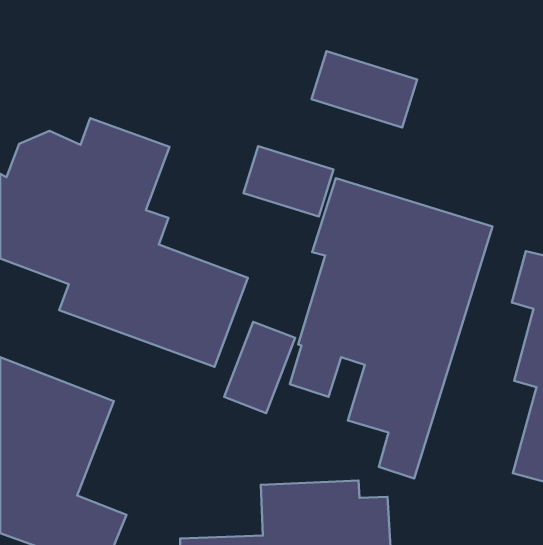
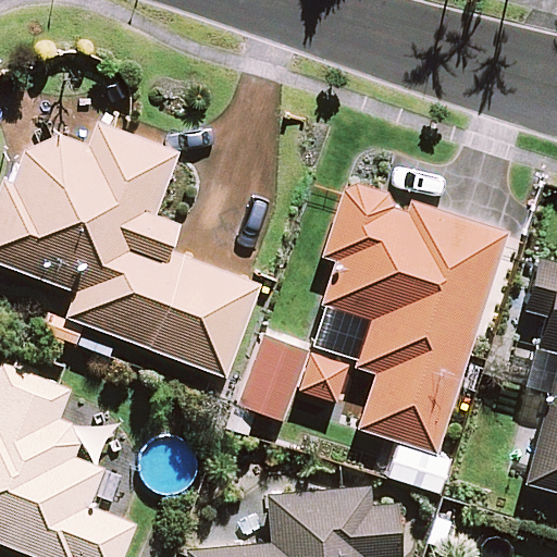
building: [312,51,417,127] -> none
building: [244,146,334,217] -> none

